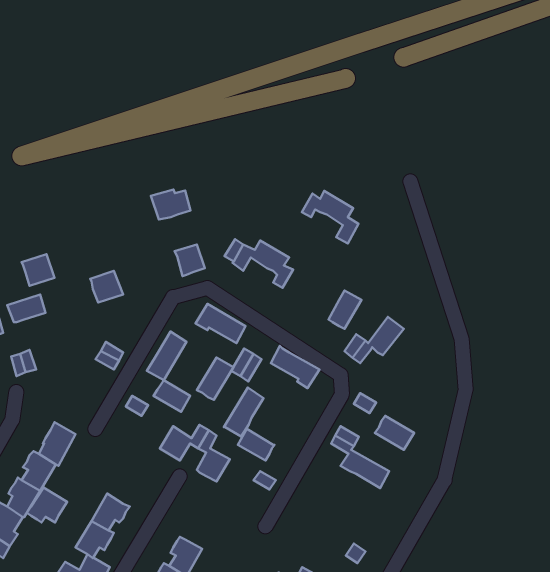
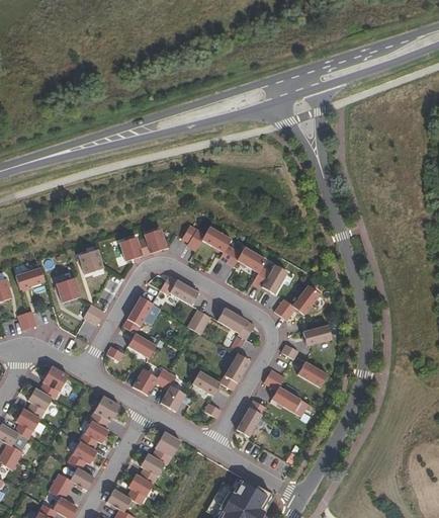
building: [151,189,191,220] -> [119,237,150,260]
building: [302,191,359,244] -> [227,246,270,286]
building: [21,254,54,286] -> [56,277,81,301]
building: [197,357,233,400] -> none
building: none -> [302,324,332,345]
building: [224,388,263,436] -> [219,352,250,390]
building: none -> [89,396,119,428]
building: none -> [237,399,266,436]
building: [27,487,67,523] -> none
building: none -> [152,431,181,464]

